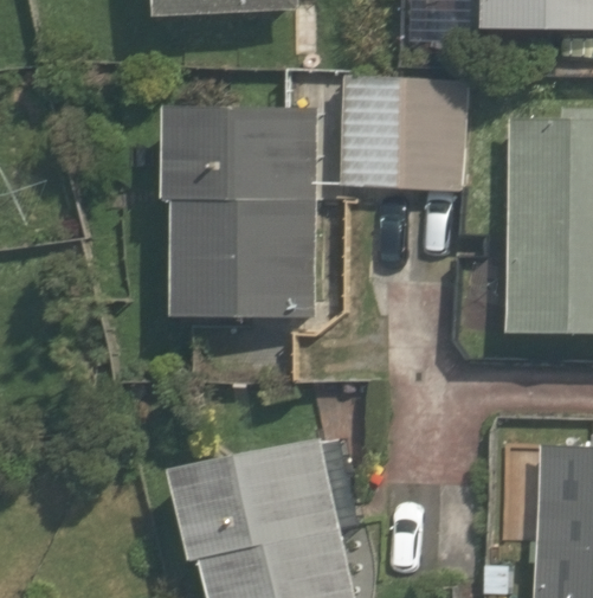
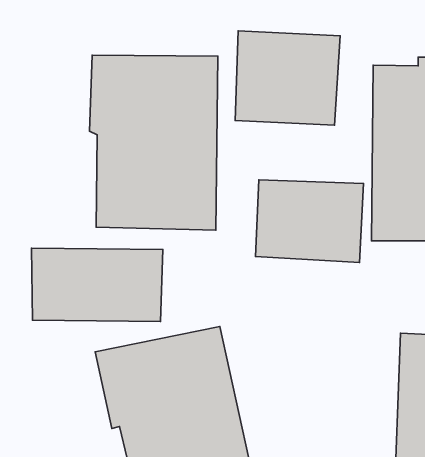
building: none -> [255,180,363,262]
building: none -> [31,248,163,321]

